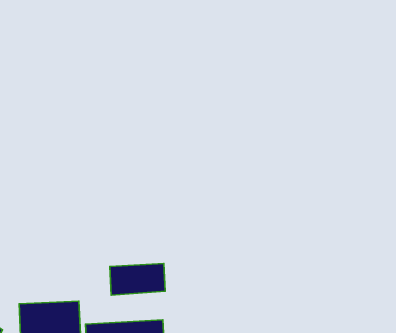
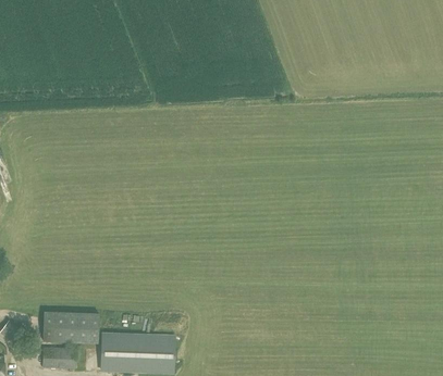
building: [110,264,165,295] -> none

